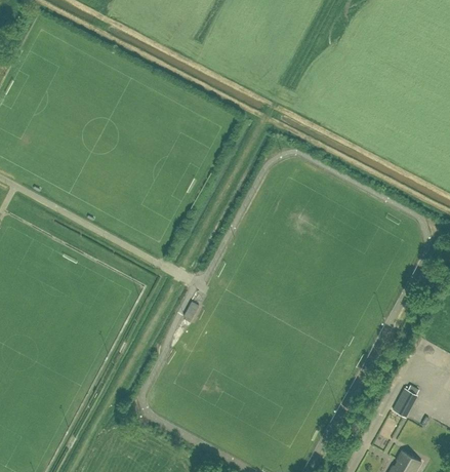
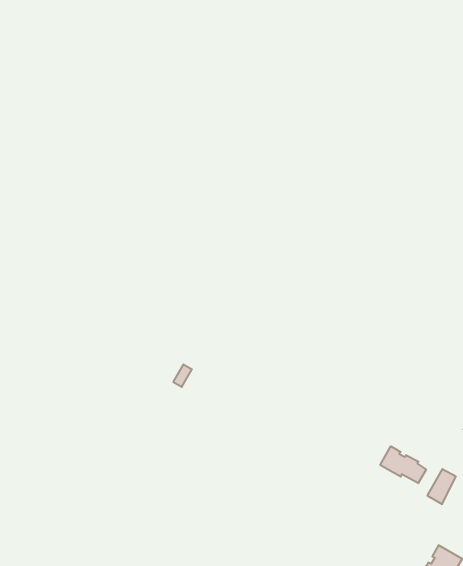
building: none -> [380,446,426,483]

